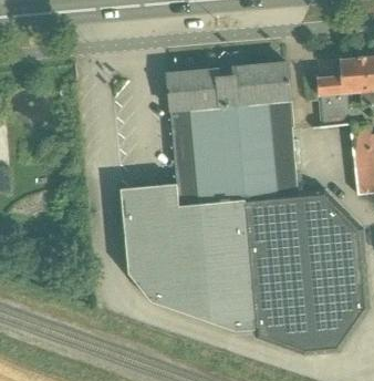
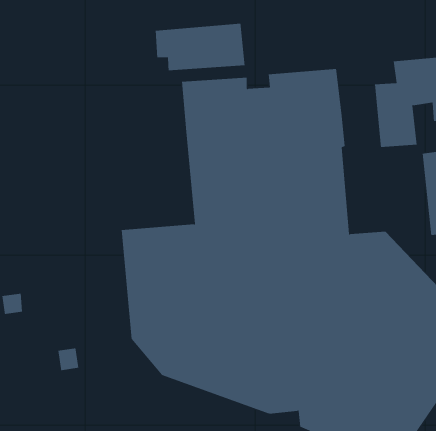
building: none -> [155,23,245,71]

